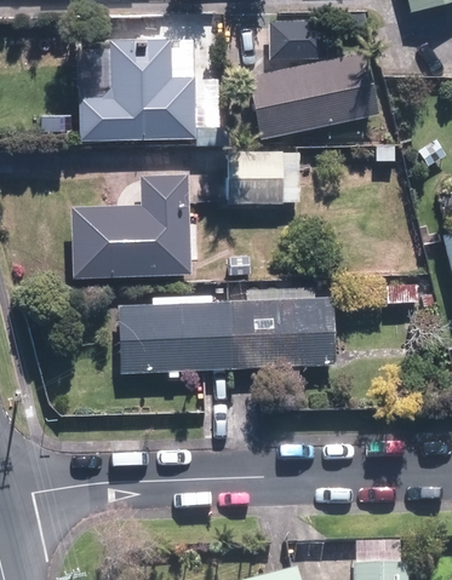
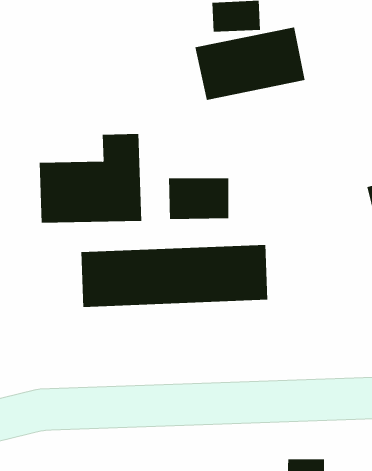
building: [81,41,195,138] -> none
building: [228,155,297,202] -> [168,178,229,219]

